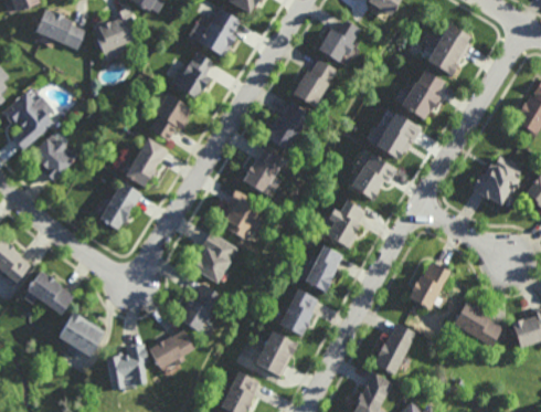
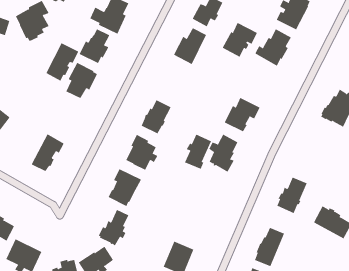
building: [266,103,309,150] -> none
building: [374,113,422,158] -> [222,22,258,58]
building: [125,136,170,186] -> [46,43,79,81]
building: [305,244,342,290] -> [184,134,212,170]
building: [279,288,319,335] -> none

